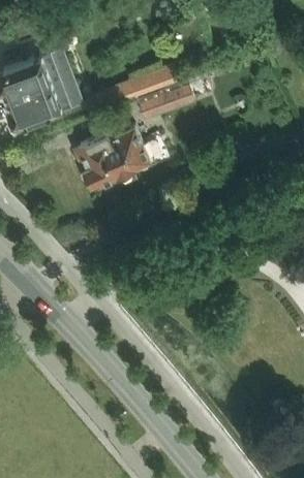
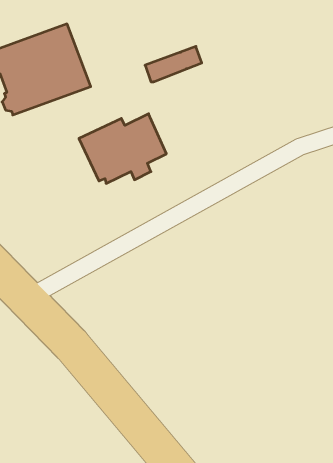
building: [138,79,195,121] -> none

